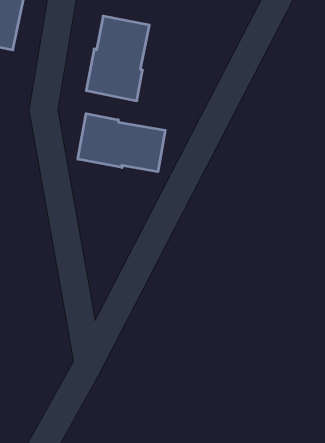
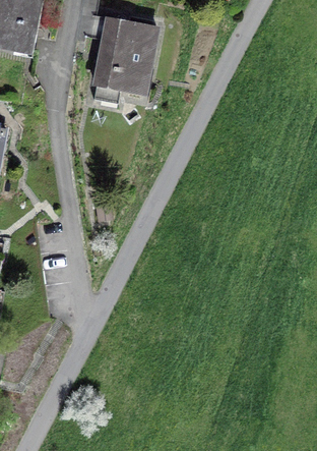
building: [78,114,165,172] -> none

